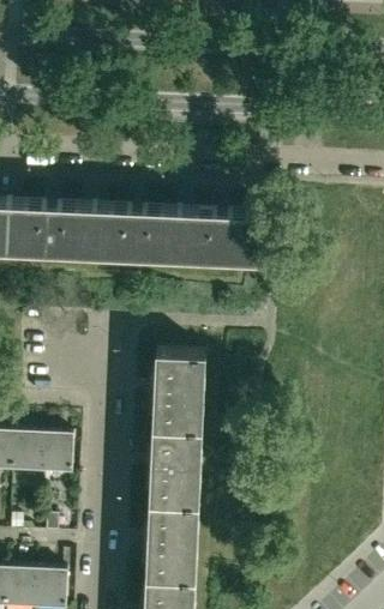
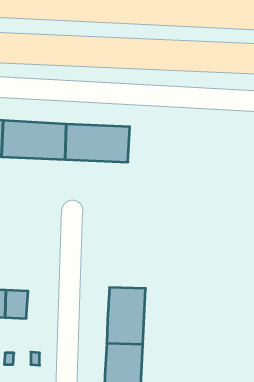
building: [178,210,265,261] -> none
building: [152,352,204,429] -> none
building: [40,433,72,472] -> none

